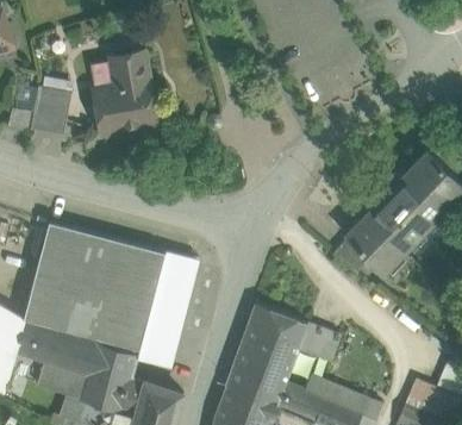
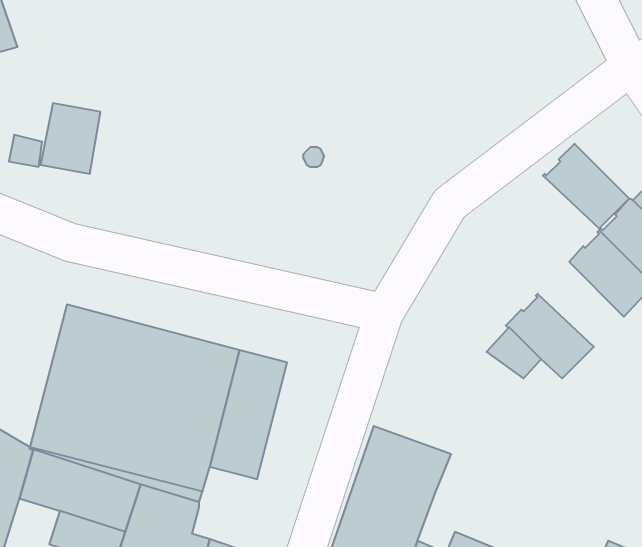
building: [94,52,161,137] -> none
building: [366,194,424,251] -> [543,144,629,228]
building: [296,324,339,362] -> none
building: [137,332,171,368] -> none

